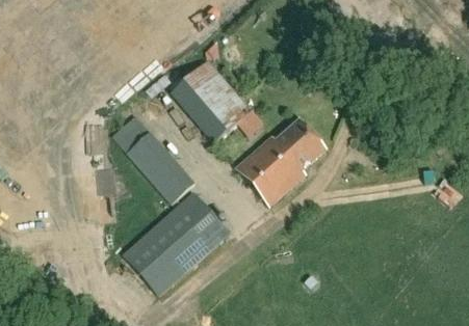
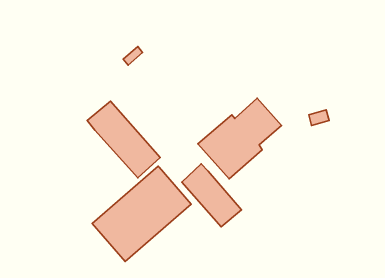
building: [170,59,253,145] -> none
building: none -> [182,164,241,227]

